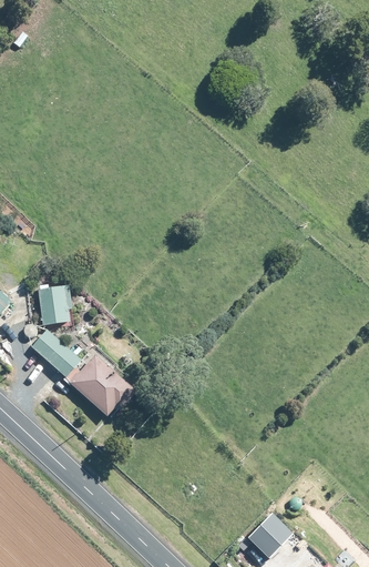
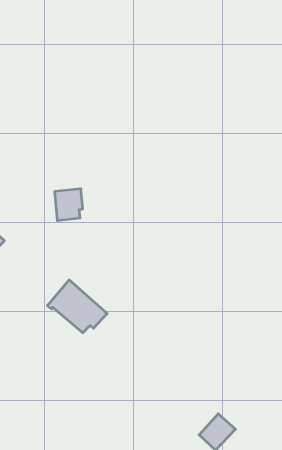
building: [38,285,72,324] -> [55,189,83,221]
building: [31,330,79,375] -> none

